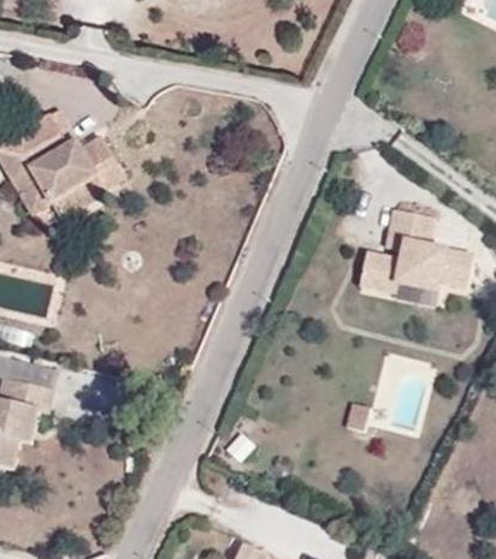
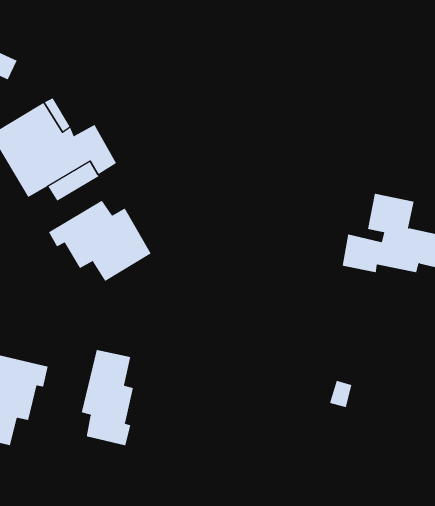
building: none -> [48,200,151,282]
building: none -> [81,349,134,446]

